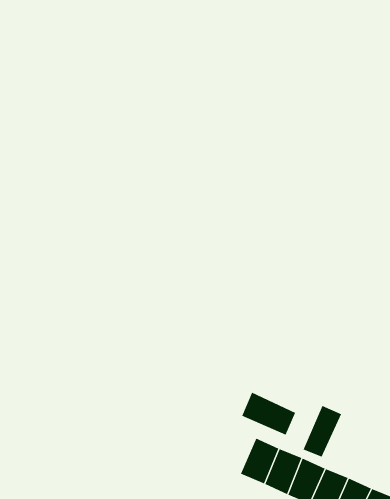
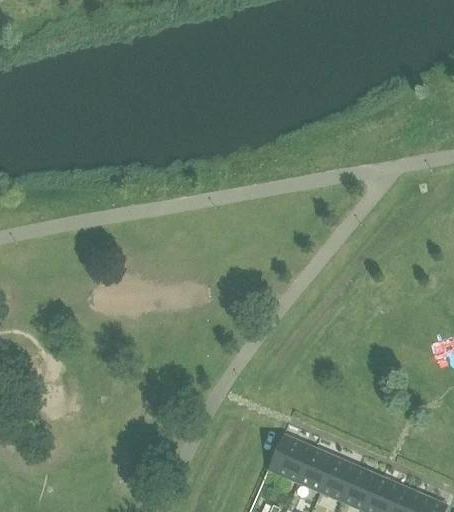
building: [242,392,296,435] -> none
building: [303,405,342,458] -> none

